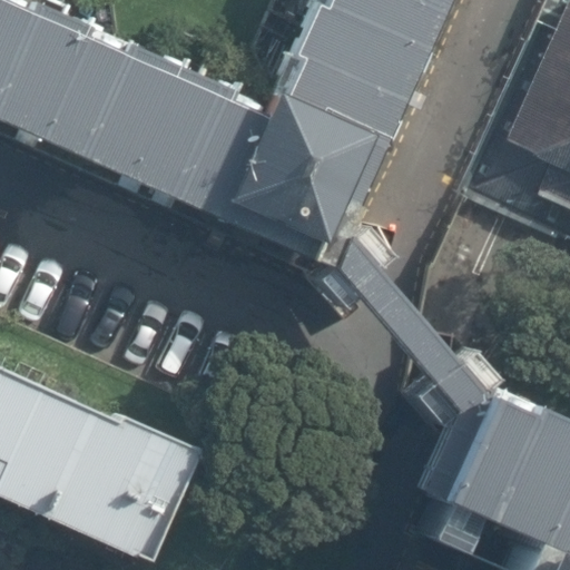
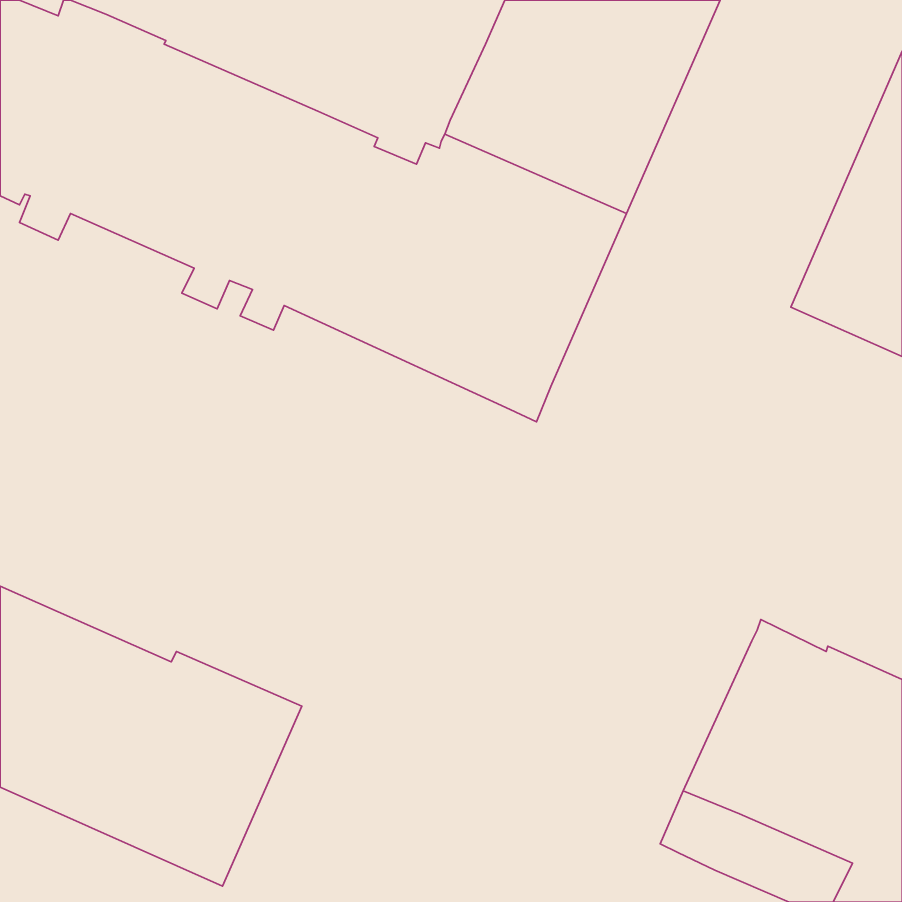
building: [322,244,478,499] -> none

